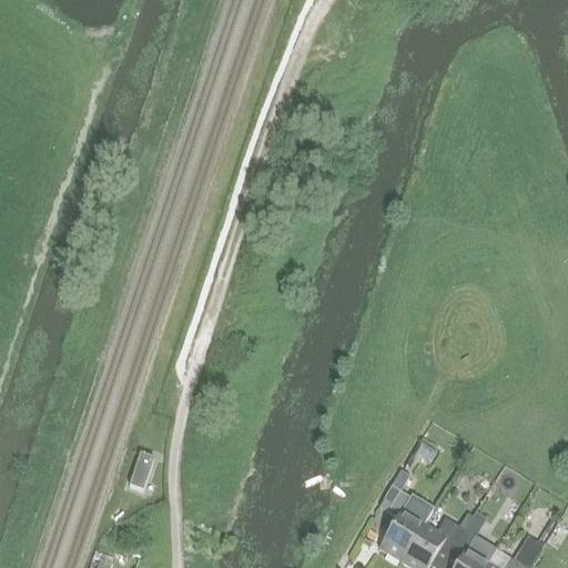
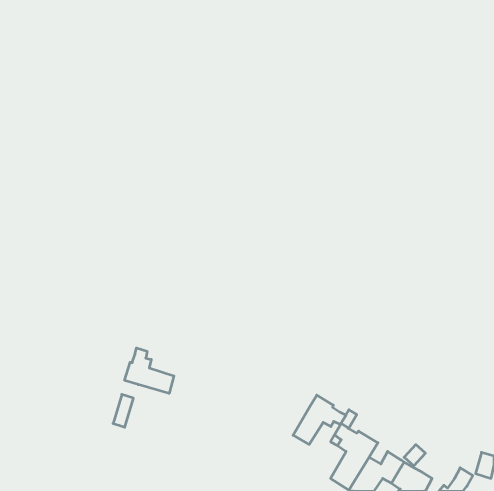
building: none -> [125,348,174,393]
building: none -> [293,395,346,444]

